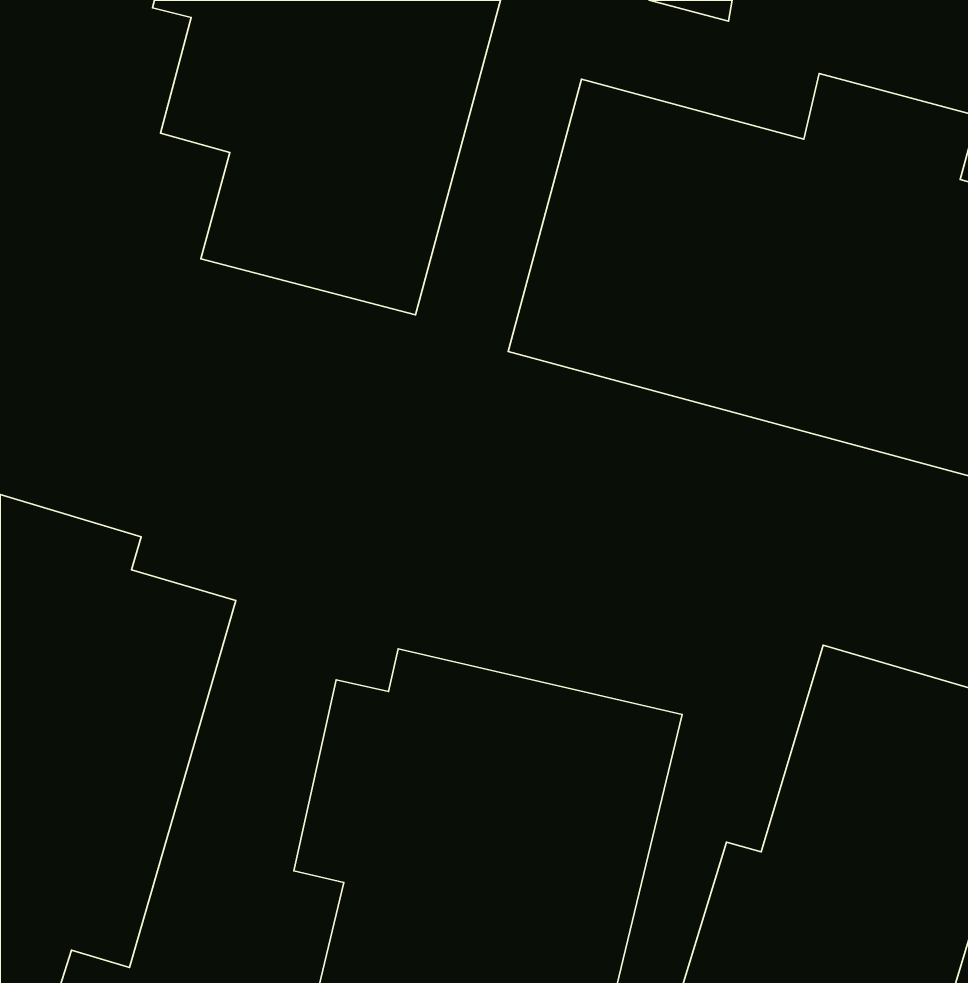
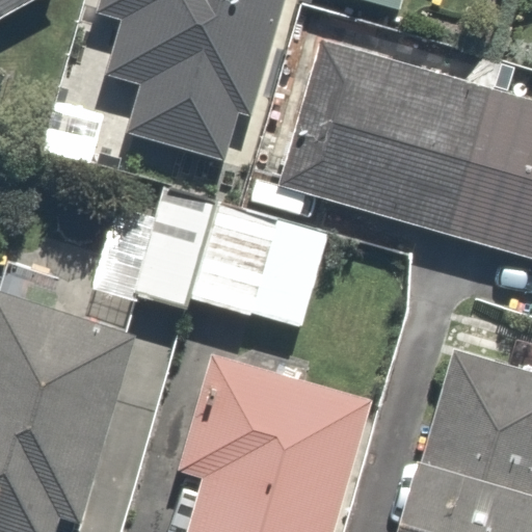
building: none -> [193,198,330,323]
building: none -> [89,217,192,301]

